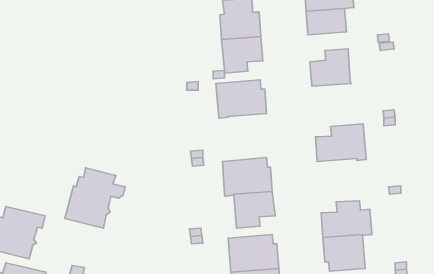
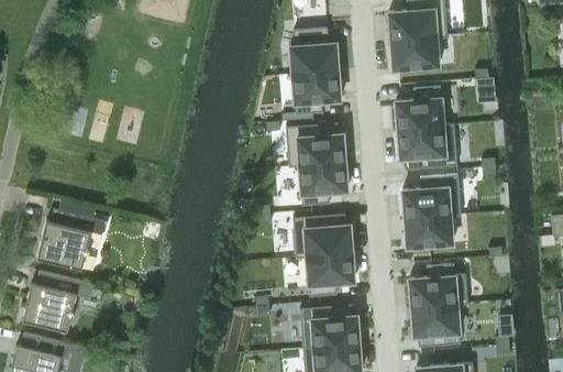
building: none -> [397,124,456,169]
building: none -> [299,162,346,205]
building: none -> [404,215,452,248]
building: [65,168,125,228] -> [36,199,107,270]

